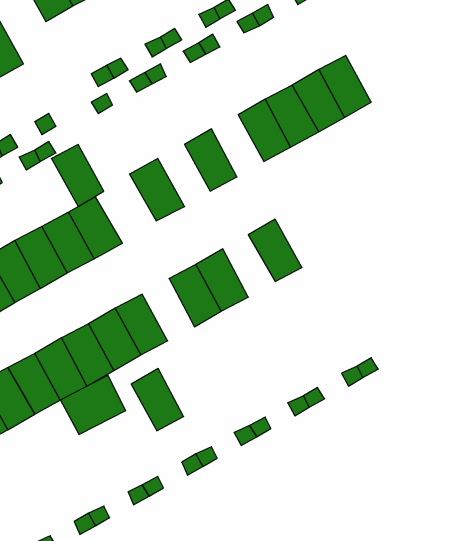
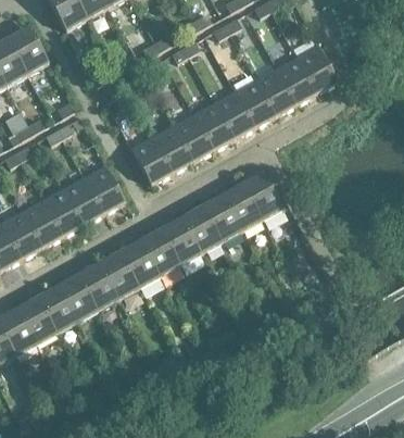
building: none -> [296,45,338,92]
building: none -> [193,102,233,150]
building: [51,145,104,207] -> [152,125,192,173]
building: none -> [242,172,283,220]
building: none -> [202,195,242,242]
building: [131,369,184,431] -> [140,228,180,276]
building: [61,375,125,435] -> none

